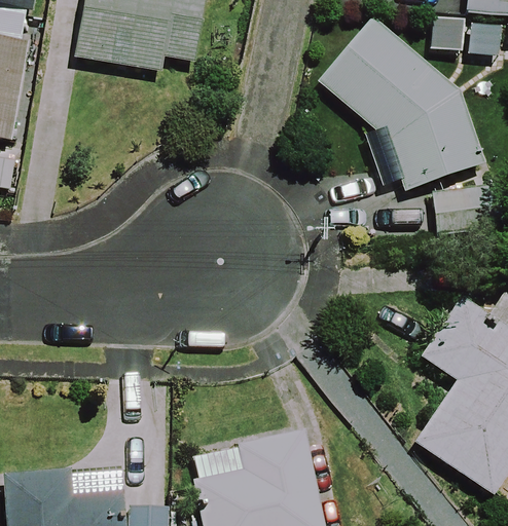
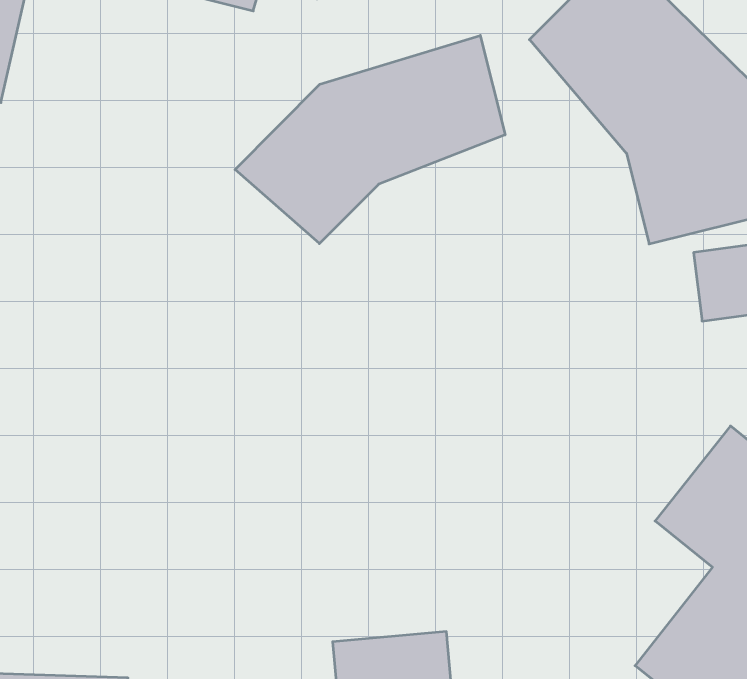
building: none -> [235,35,505,244]

